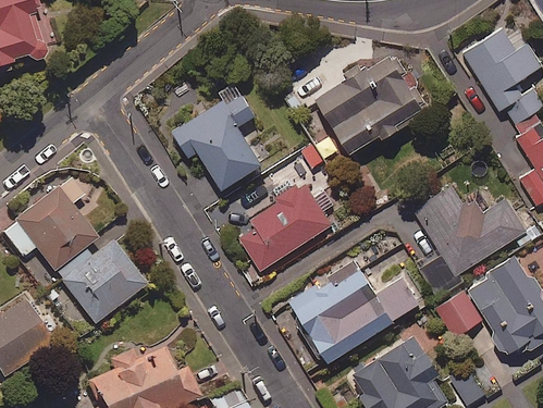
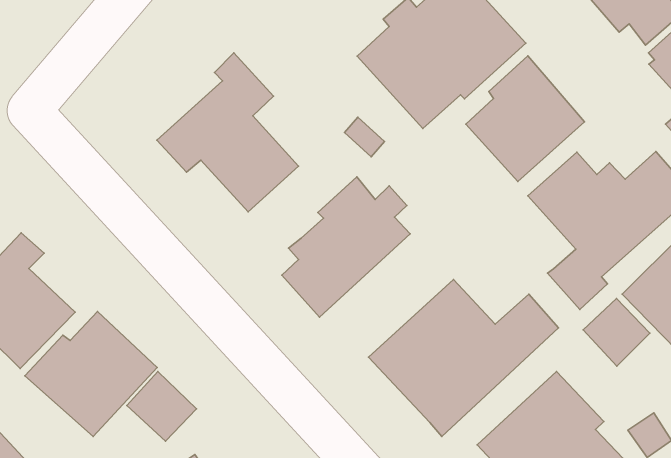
building: none -> [466,56,584,181]
building: none -> [127,371,196,441]

